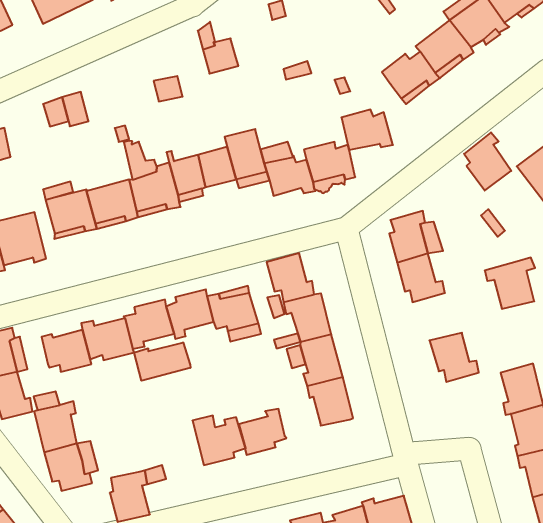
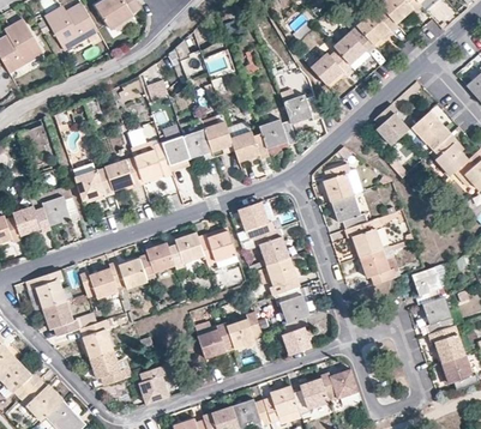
building: [485,258,535,309] -> [344,217,381,255]
building: [134,342,190,381] -> none
building: none -> [281,316,311,355]

